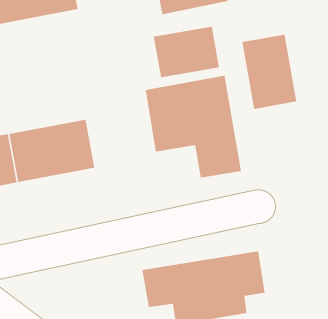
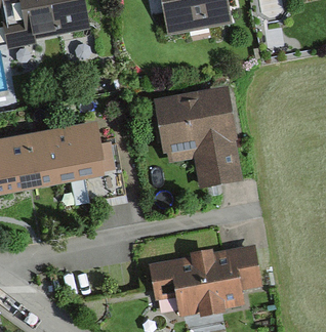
building: [153,26,220,78] -> none
building: [242,34,297,110] -> none

